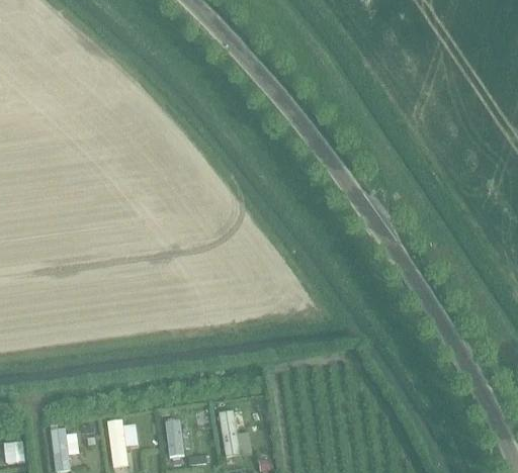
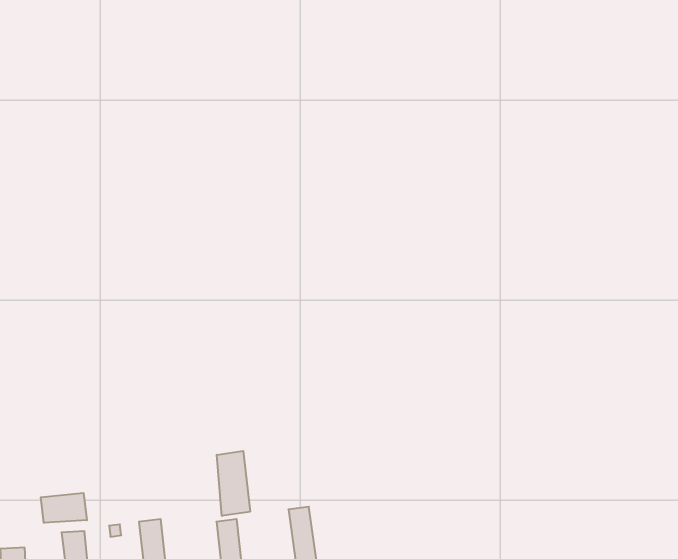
building: none -> [217,451,250,516]
building: none -> [41,493,87,523]

